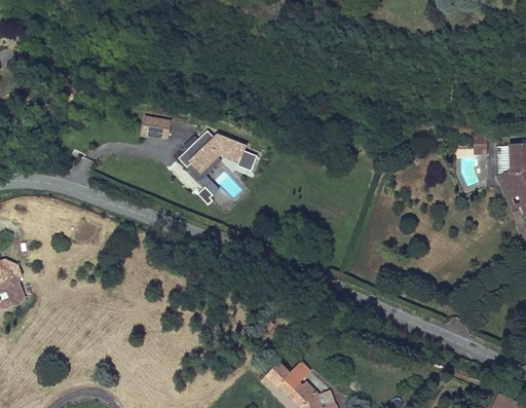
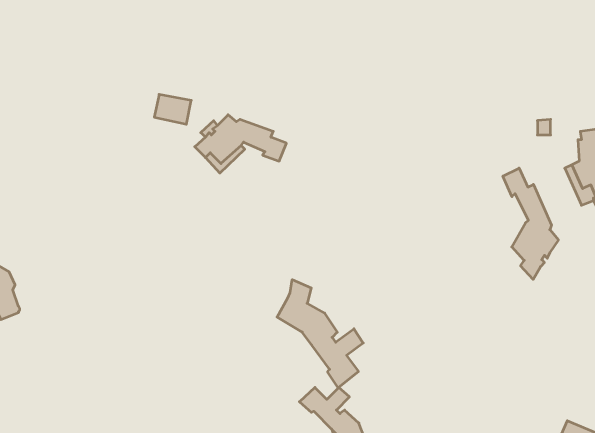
building: none -> [503,168,558,279]
building: none -> [277,280,363,388]

